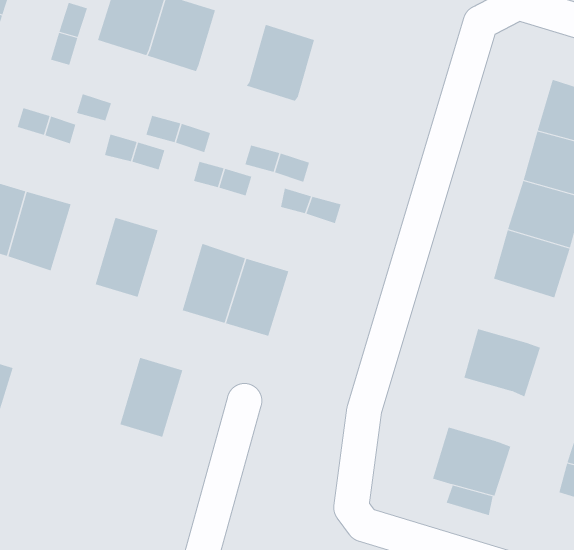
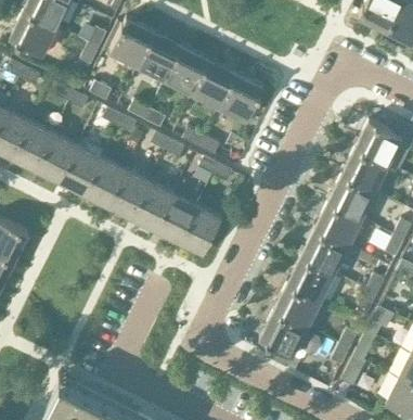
building: none -> [164,47,208,93]
building: none -> [218,74,263,122]
building: none -> [60,144,102,193]
building: none -> [179,205,222,254]
building: none -> [300,230,348,275]
building: [119,357,183,437] -> [107,168,150,217]
building: none -> [273,284,321,329]

